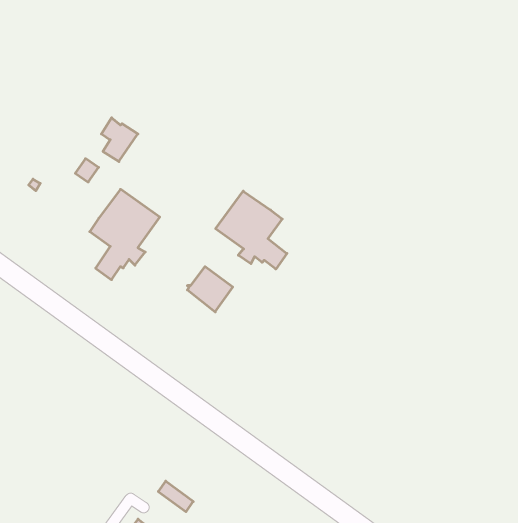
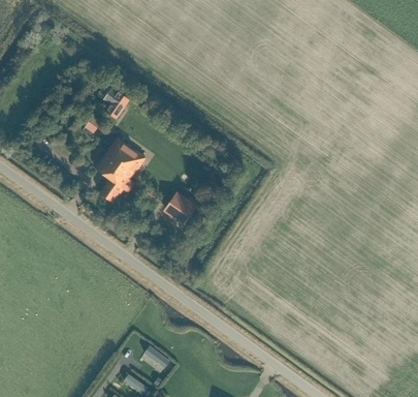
building: [216,191,287,269] -> none

